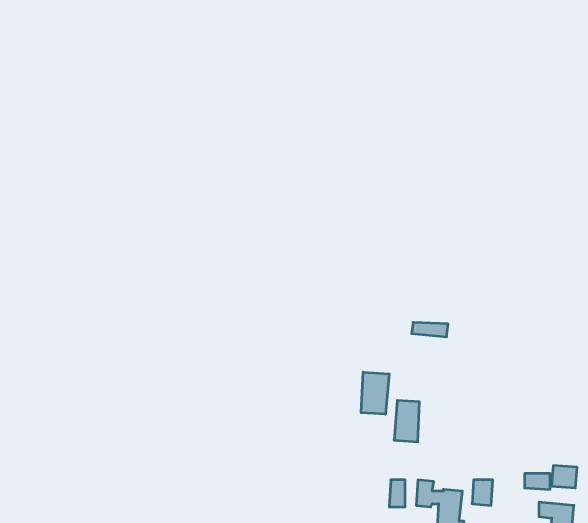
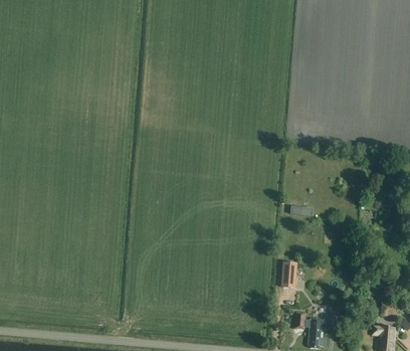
building: [361,372,389,414] -> none

